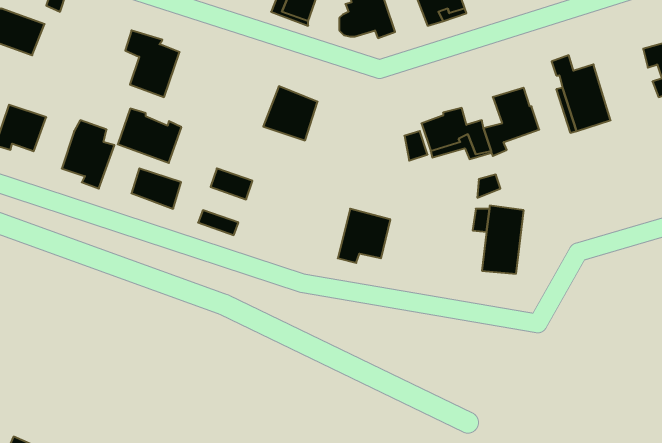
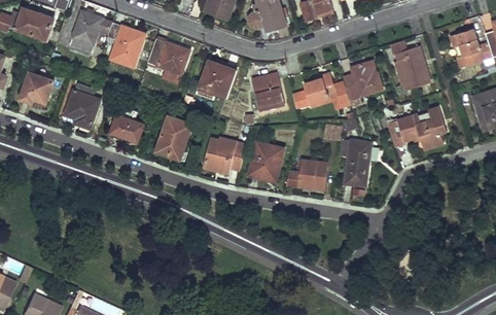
building: none -> [72,12,111,50]
building: none -> [252,73,283,110]
building: [118,109,181,163] -> [147,38,189,74]
building: none -> [387,107,447,148]
building: none -> [158,127,187,150]
building: none -> [203,137,246,170]
building: none -> [286,160,327,188]

